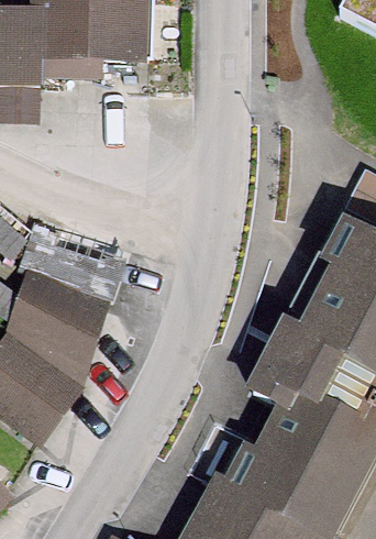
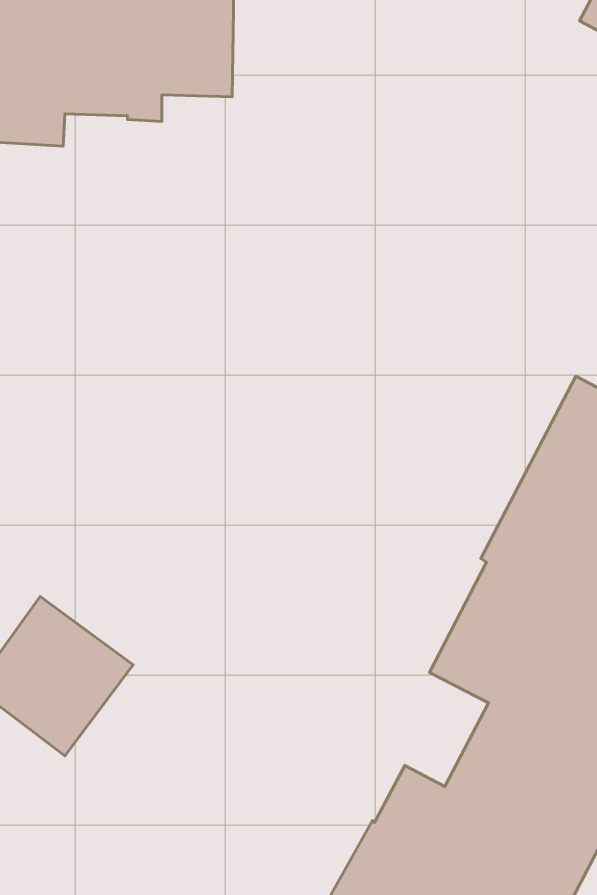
building: [11,229,117,383] -> none

